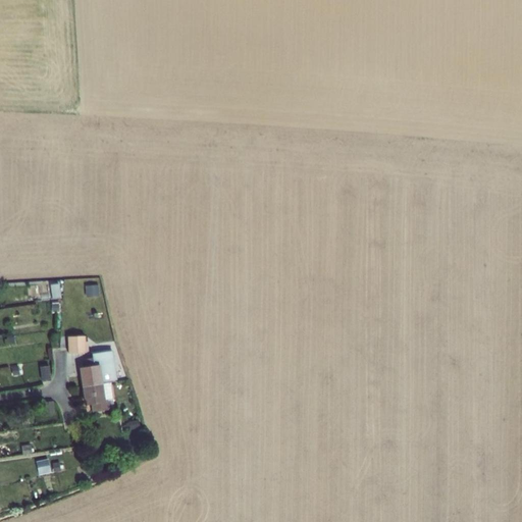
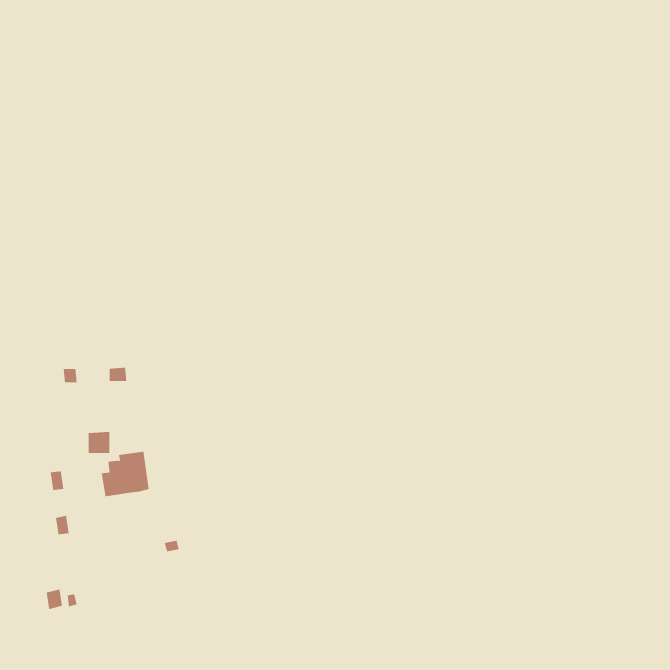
building: [82,382,113,412] -> none

